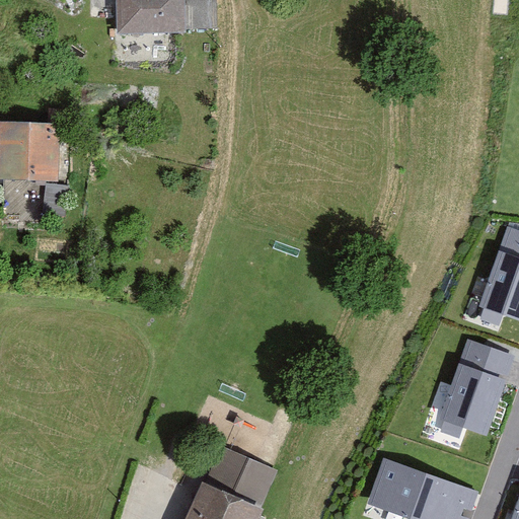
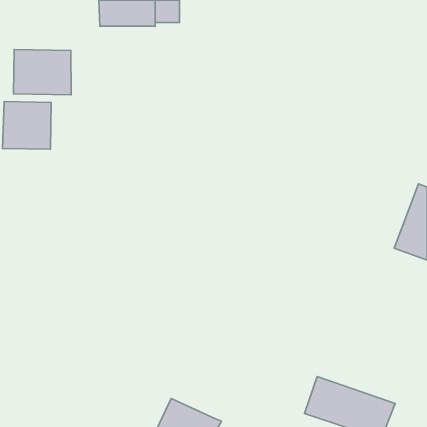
building: none -> [13,49,71,95]
building: [436,336,512,431] -> none
building: [207,447,277,508] -> none

